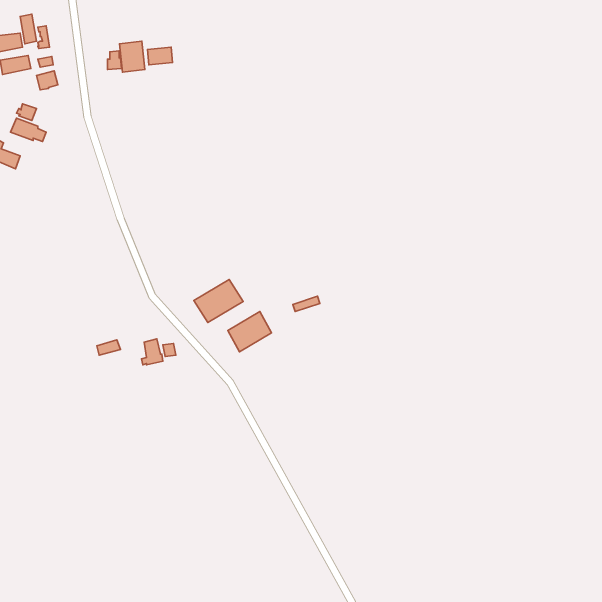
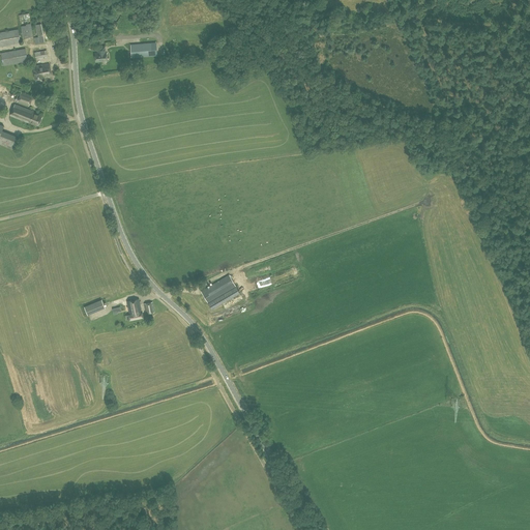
building: [120,41,145,72] -> none
building: [194,279,243,323] -> none

